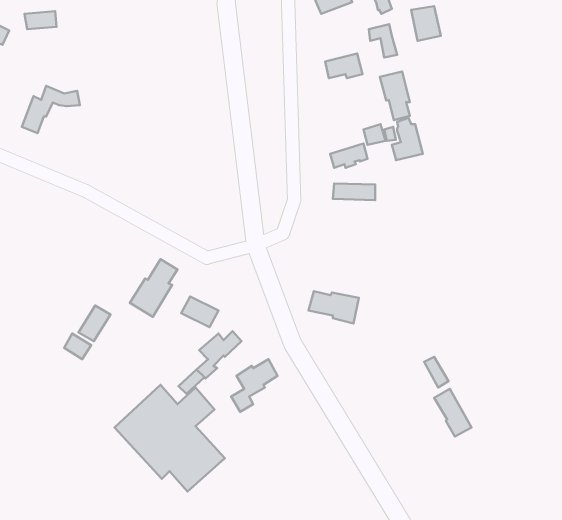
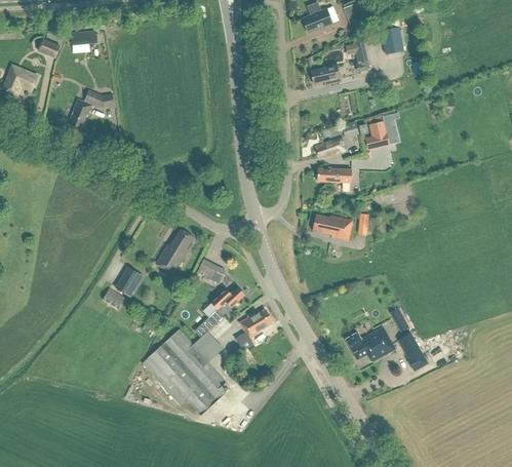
building: [380,71,410,120] -> none
building: [309,291,359,323] -> [312,215,352,240]
building: none -> [346,327,395,360]

